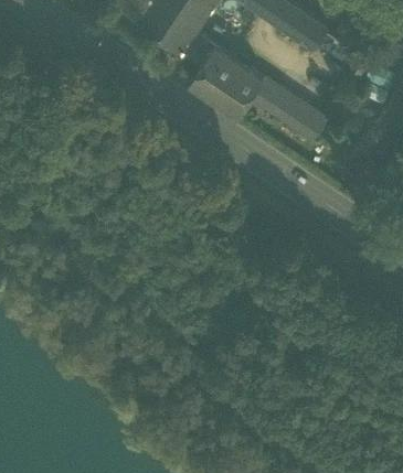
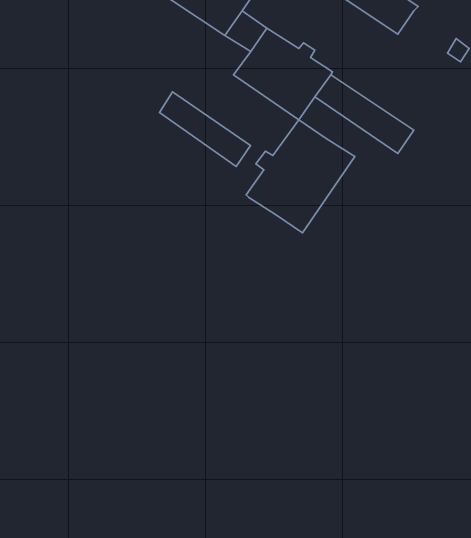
building: none -> [159,92,251,167]
building: none -> [246,120,355,233]

